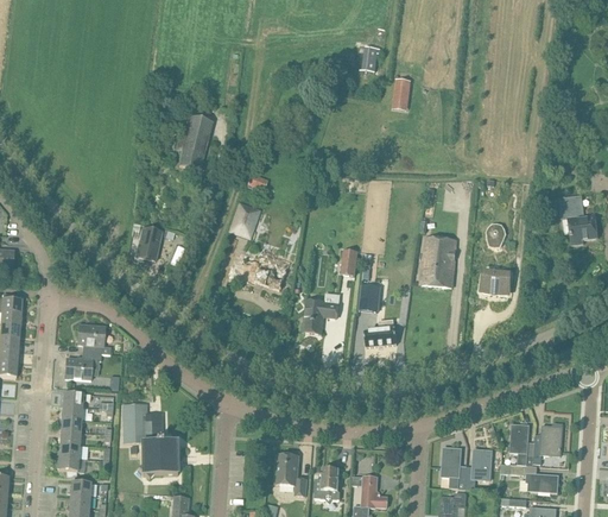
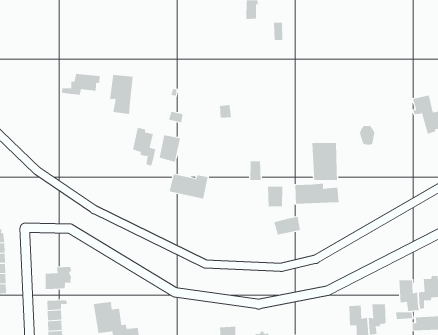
building: none -> [61,73,100,95]
building: none -> [133,127,156,166]
building: [137,226,162,260] -> none
building: [479,269,512,295] -> none
building: none -> [295,183,339,204]
building: [303,291,340,332] -> none
building: [77,323,110,353] -> none

